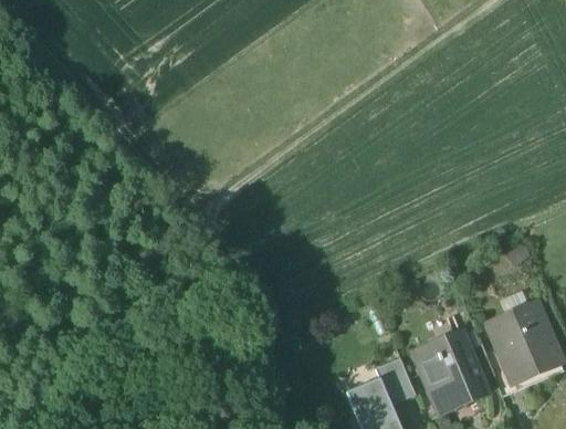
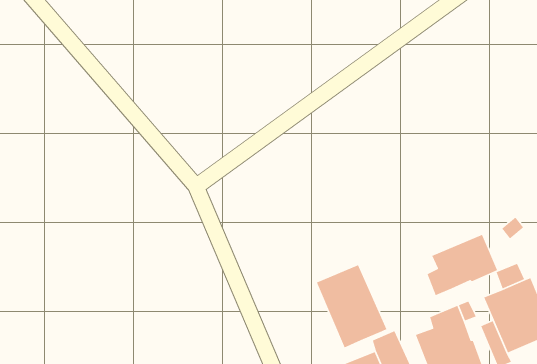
building: none -> [427,234,498,296]
building: none -> [316,264,387,349]

